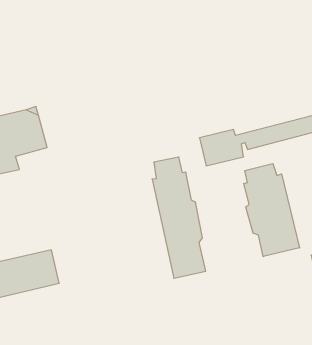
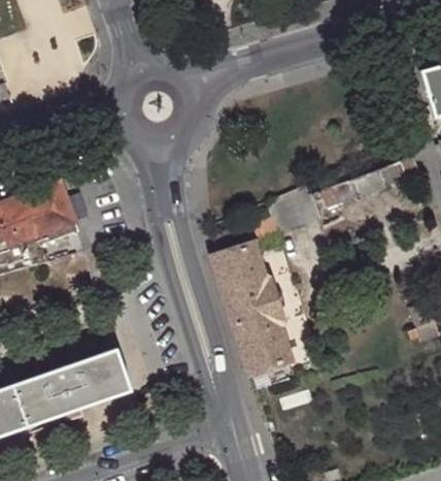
building: [244,164,299,257] -> none

